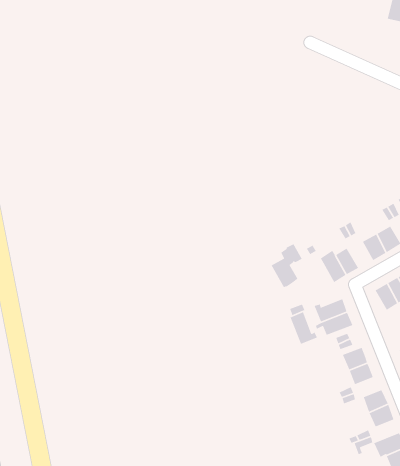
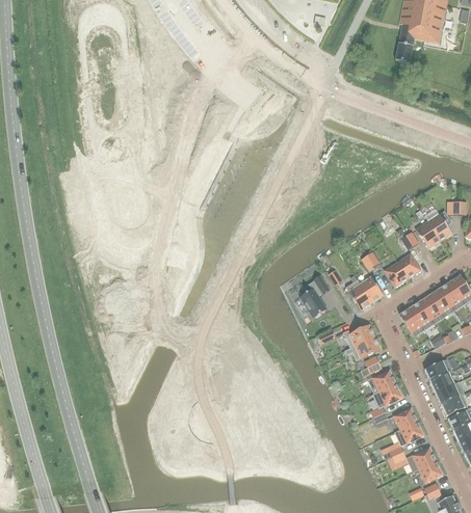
building: [290,311,318,345] -> none

